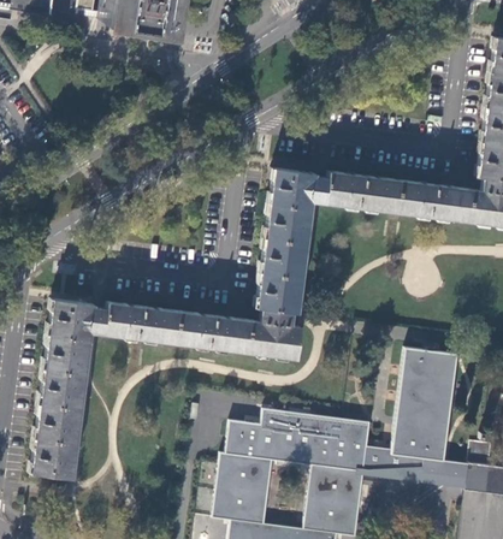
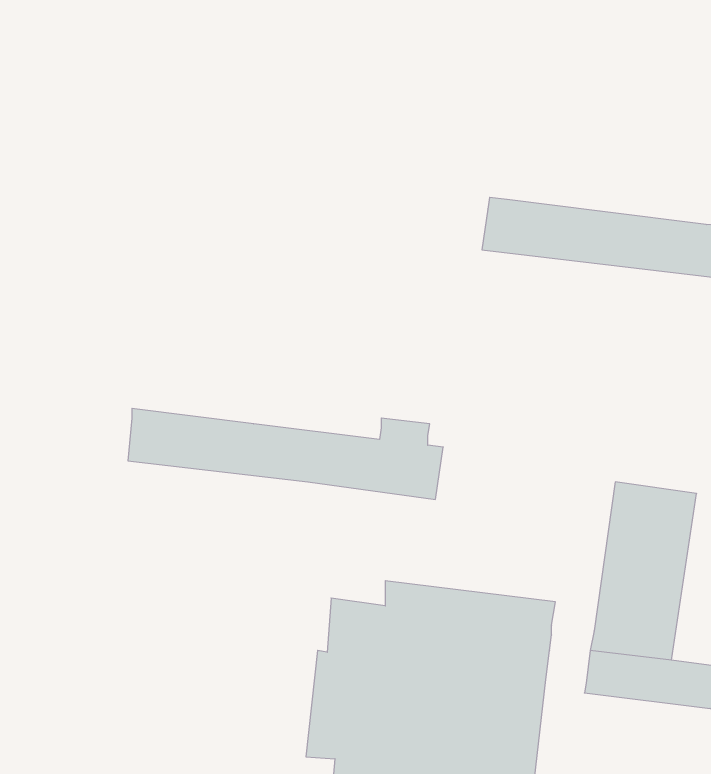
building: [260,170,330,314] -> none
building: [32,300,108,479] -> none
building: [366,438,396,474] -> none

